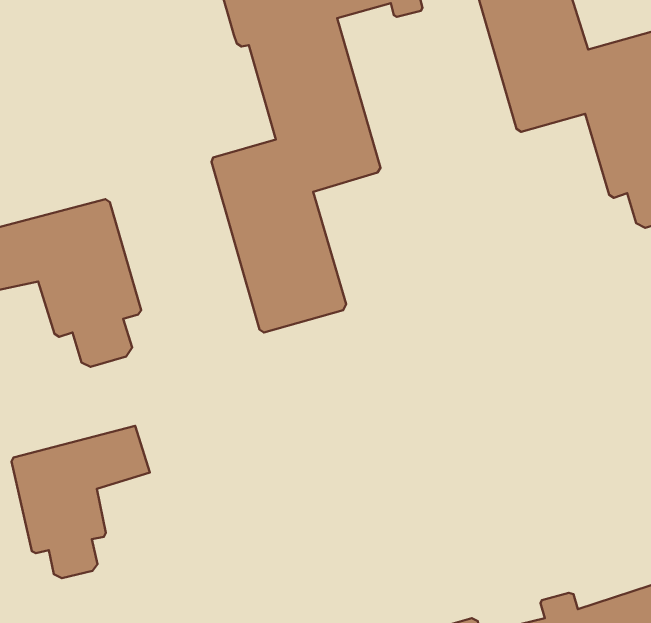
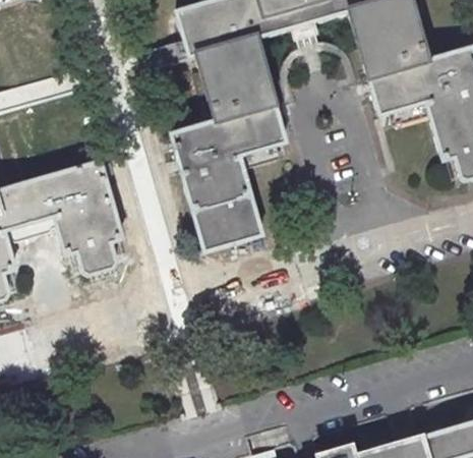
building: [11,426,150,578] -> none

